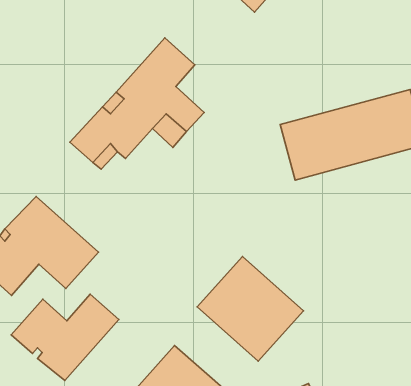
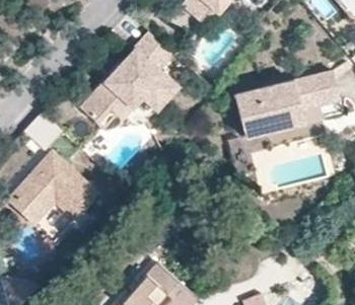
building: [197,257,304,361] -> none
building: [11,294,119,381] -> none

